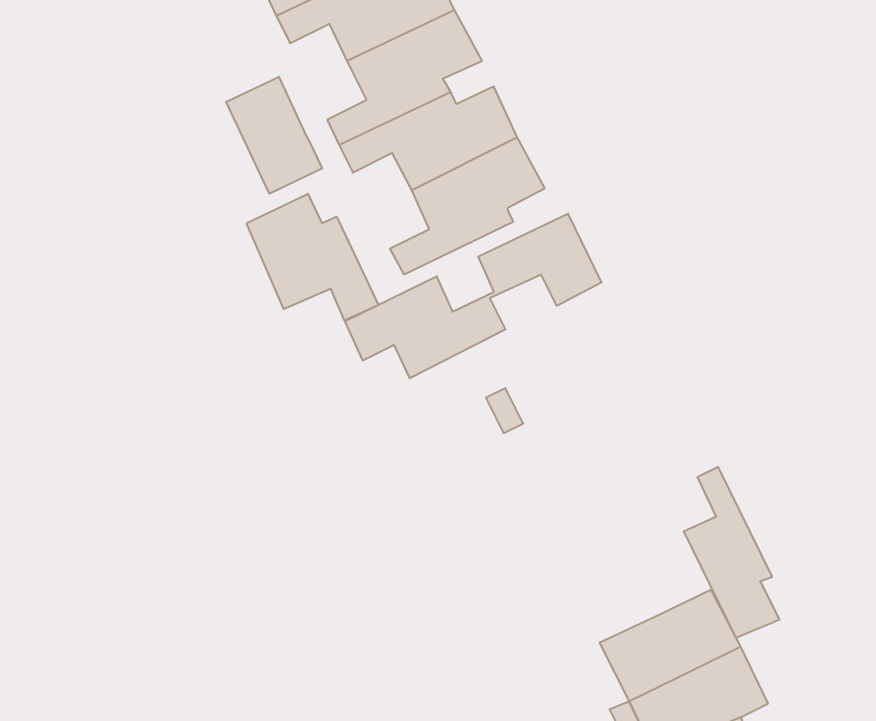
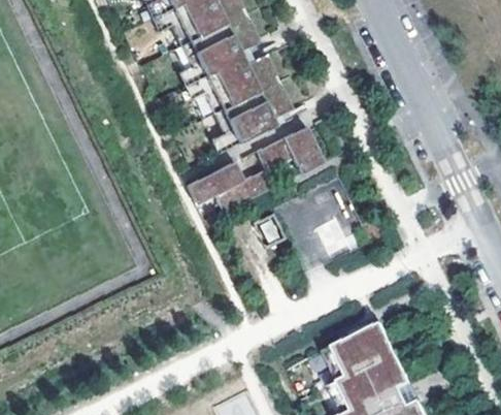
building: [226,77,322,194] -> none
building: [247,194,378,321] -> none
building: [684,467,780,638] -> none

